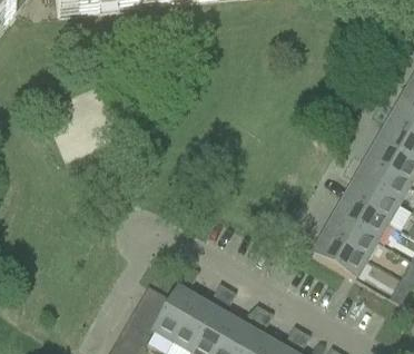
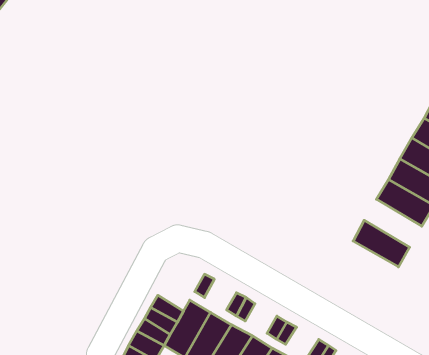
building: [335,191,387,235] -> none
building: [314,229,366,273] -> none

